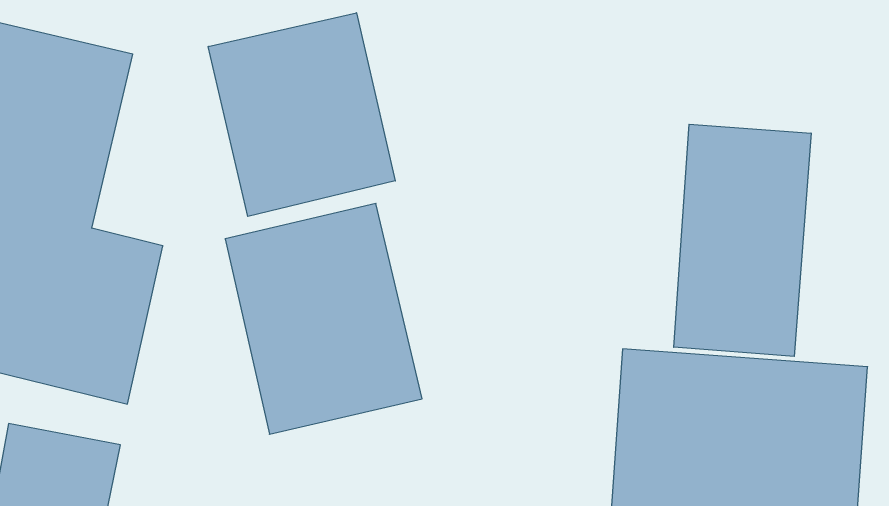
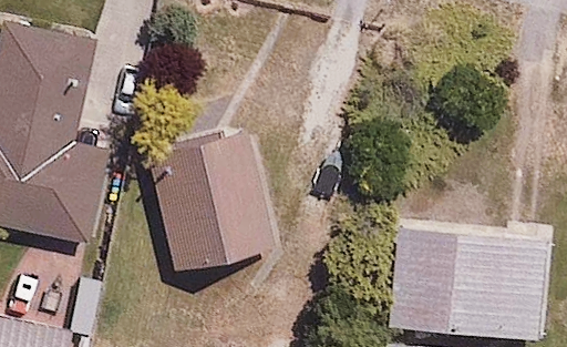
building: [208,13,395,216] -> none
building: [674,124,811,356] -> none

